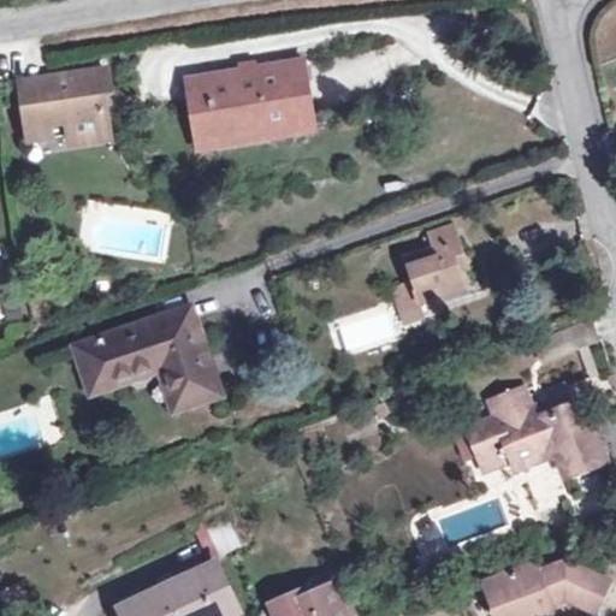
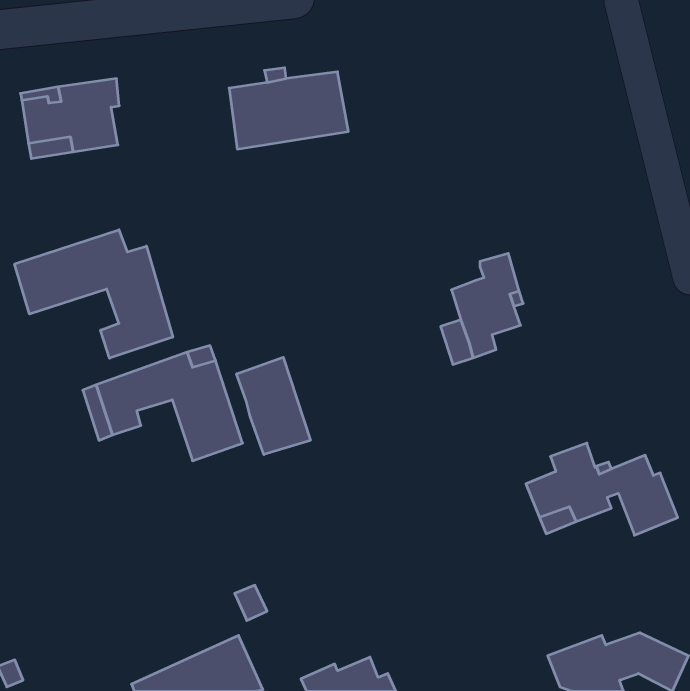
building: [185,78,312,149] -> none
building: none -> [15,230,173,358]
building: none -> [237,357,310,455]

